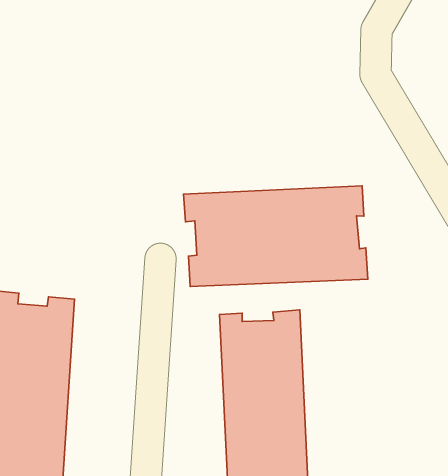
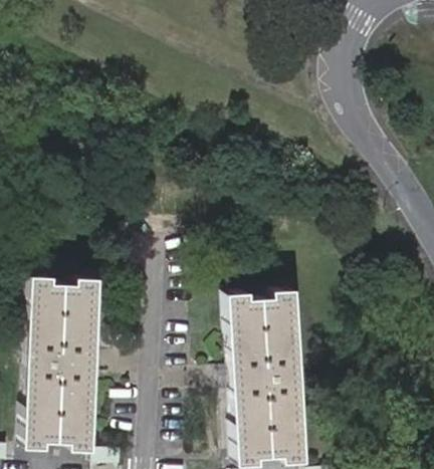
building: [184,186,368,286] -> none

